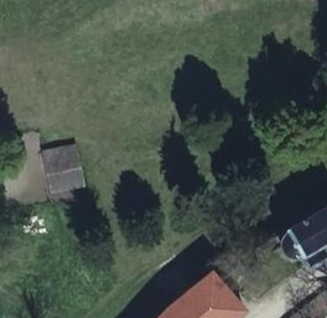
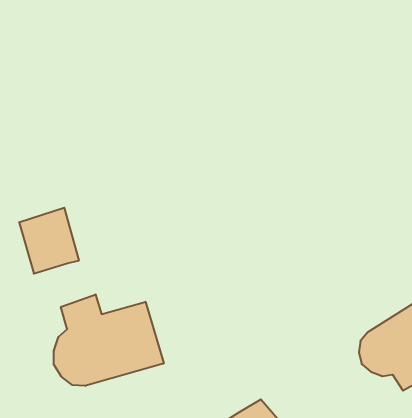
building: none -> [54,294,164,386]

